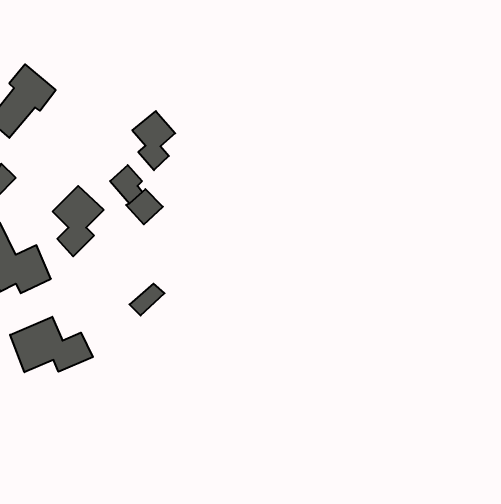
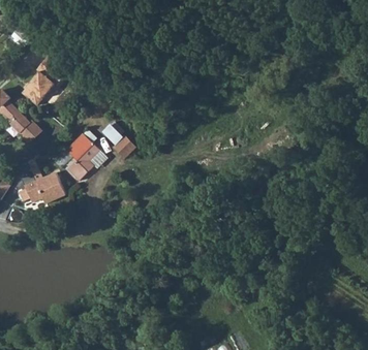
building: [132,111,175,170] -> none
building: [10,317,93,372] -> none

